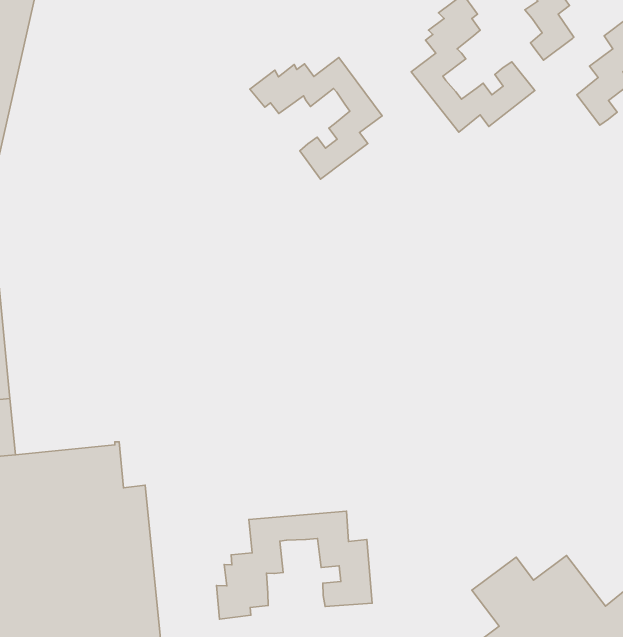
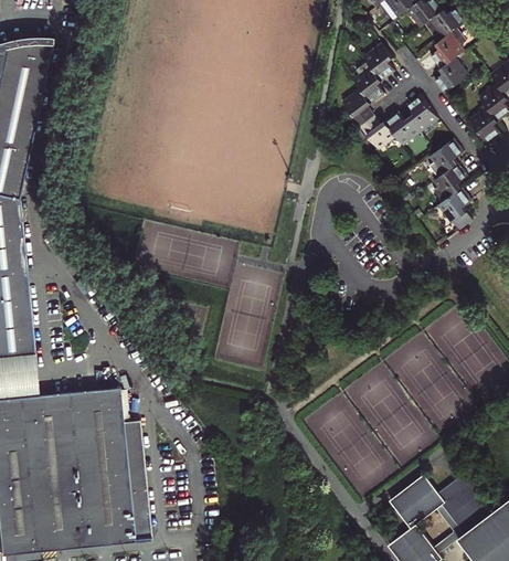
building: [250,57,382,179] -> none
building: none -> [431,139,471,224]
building: [216,511,372,619] -> none

